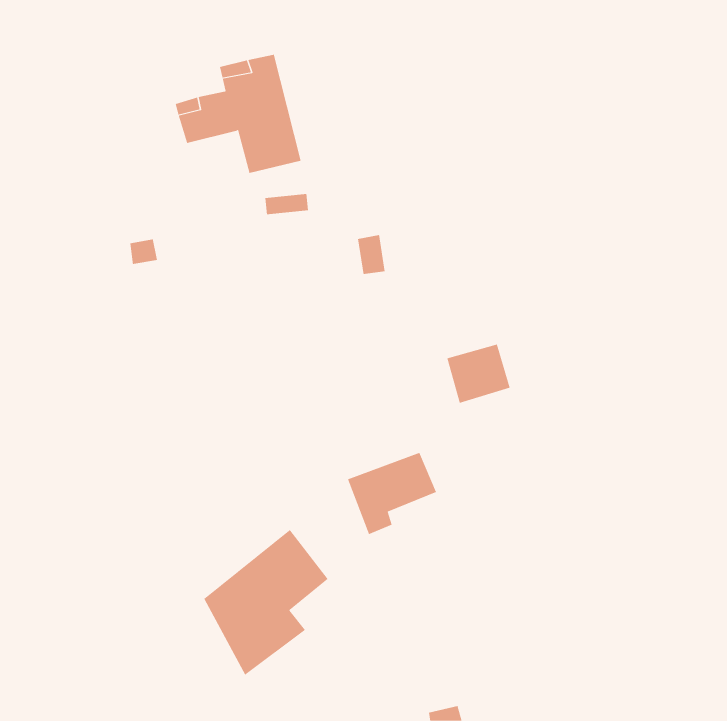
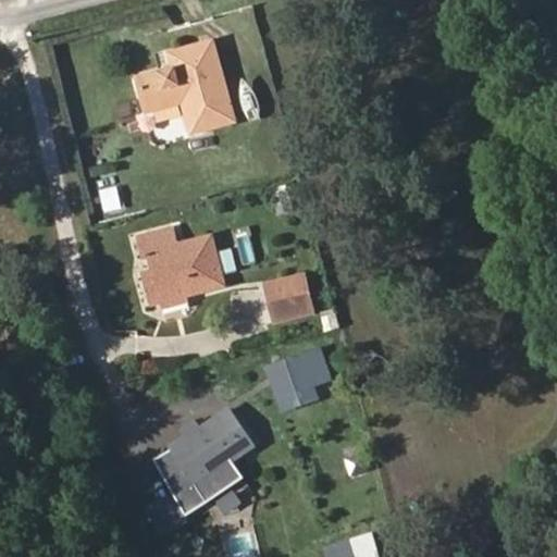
building: none -> [136,231,215,305]
building: [446,344,510,404] -> [267,273,315,319]

